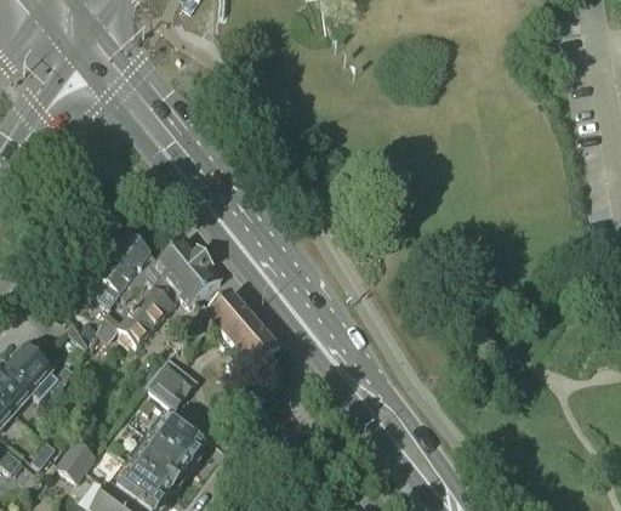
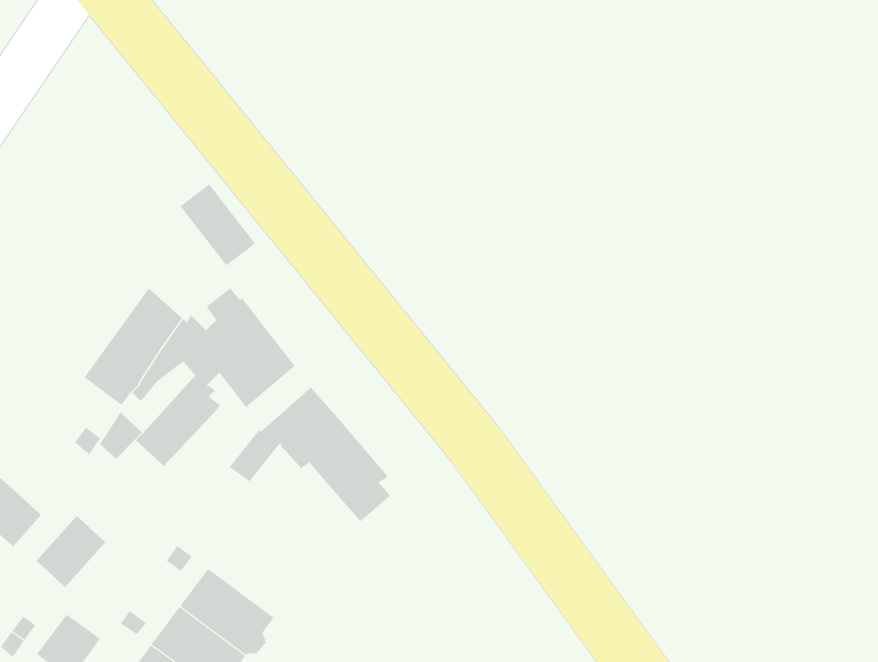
building: none -> [180,184,256,266]
building: [148,359,198,408] -> none
building: none -> [36,515,106,588]

